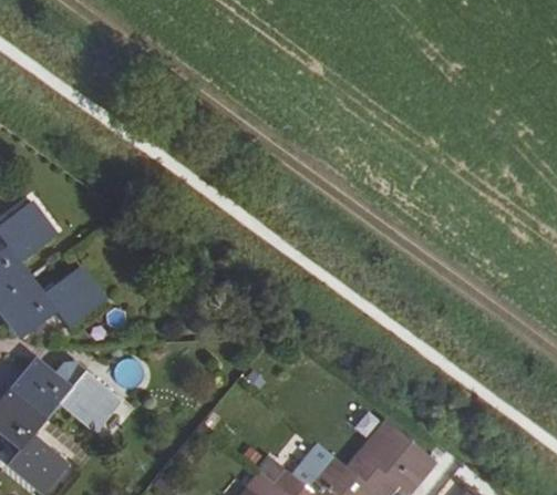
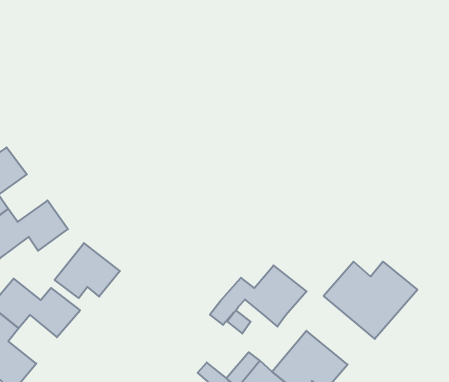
building: none -> [55,243,120,298]
building: none -> [324,262,417,339]
building: none -> [210,265,307,327]

